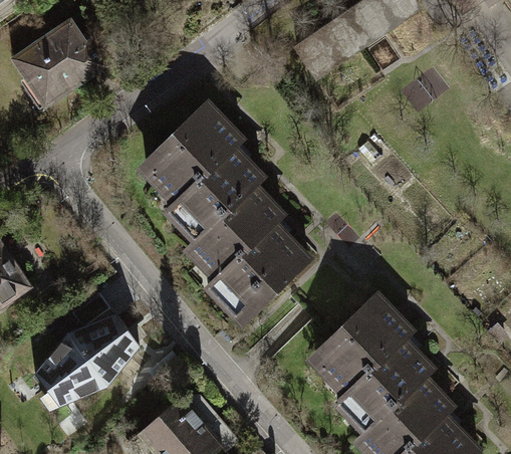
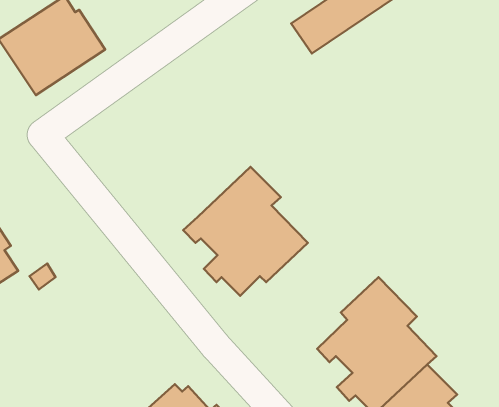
building: [146,102,261,235] -> none
building: [34,314,140,406] -> none

